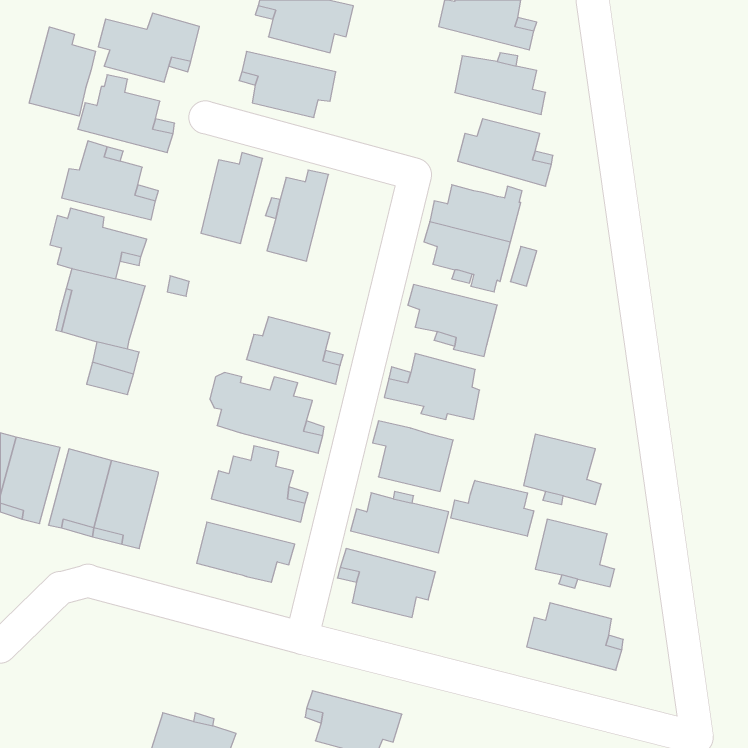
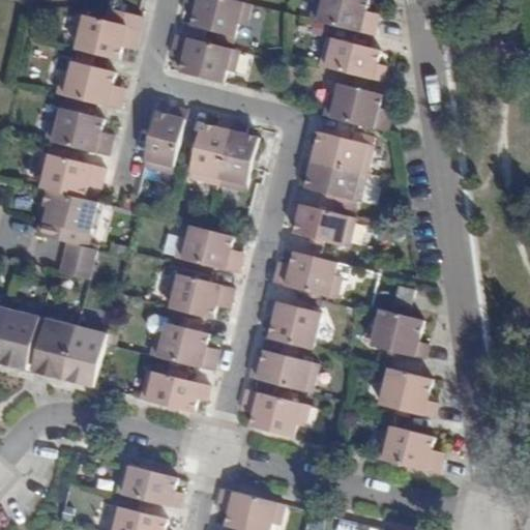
building: [29,27,96,116] -> none
building: none -> [217,124,259,192]
building: [451,480,534,536] -> none
building: none -> [119,464,183,507]

